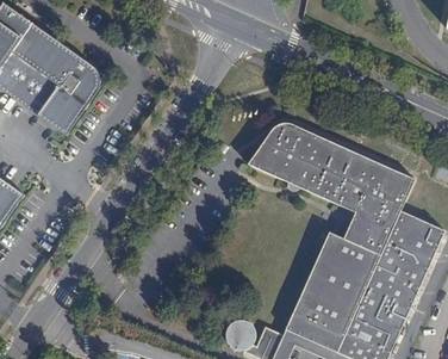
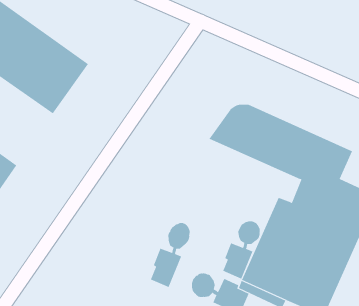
building: none -> [222,220,260,279]
building: none -> [150,222,190,288]

